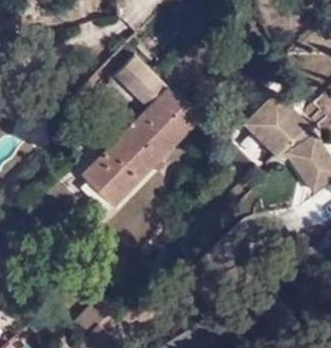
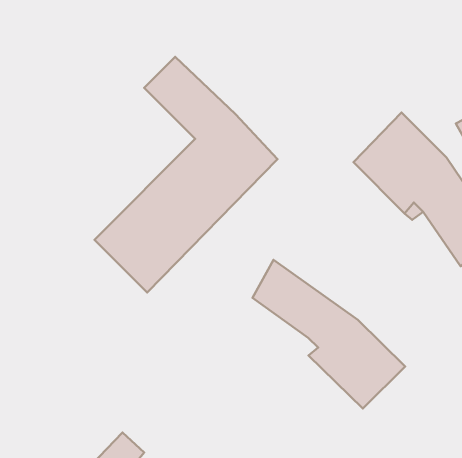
building: none -> [253,260,405,408]

